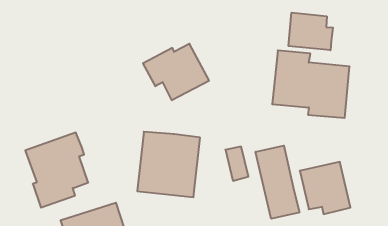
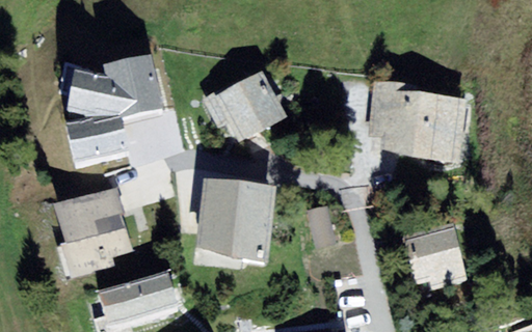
building: [289,13,333,50] -> none
building: none -> [64,51,165,169]
building: [256,146,299,219] -> none

